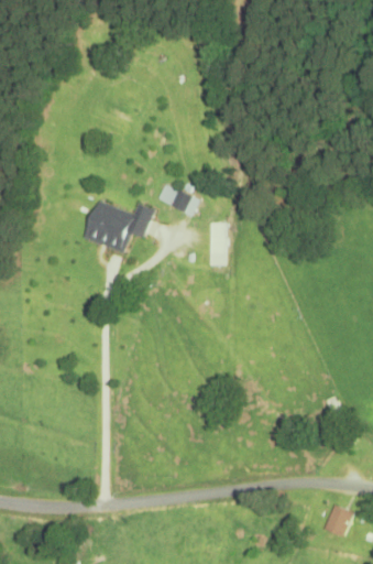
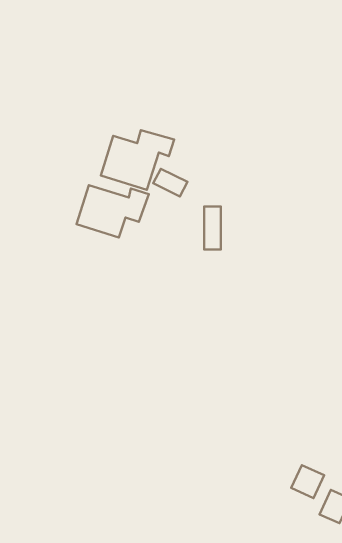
building: none -> [101,130,174,190]
building: none -> [291,465,324,498]

